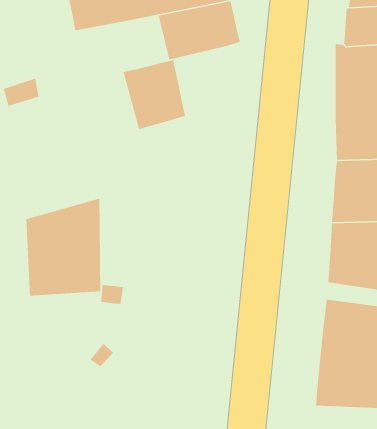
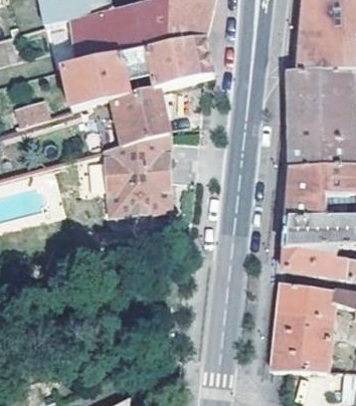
building: none -> [59,54,129,106]
building: [26,198,101,297] -> [106,133,168,214]

